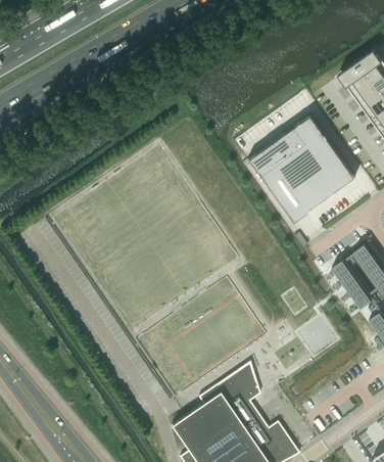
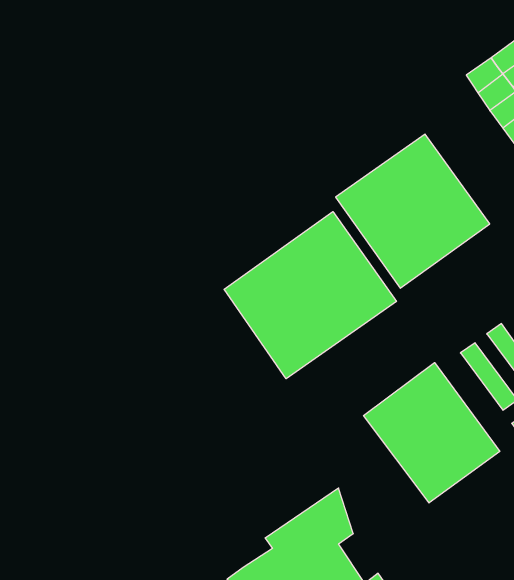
building: none -> [224,212,396,379]
building: none -> [364,363,500,503]

